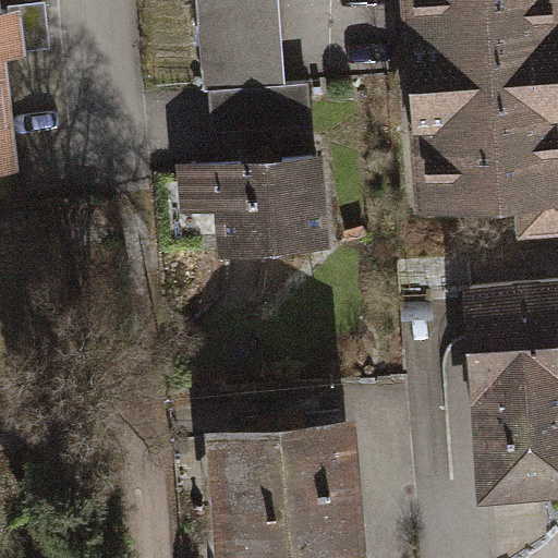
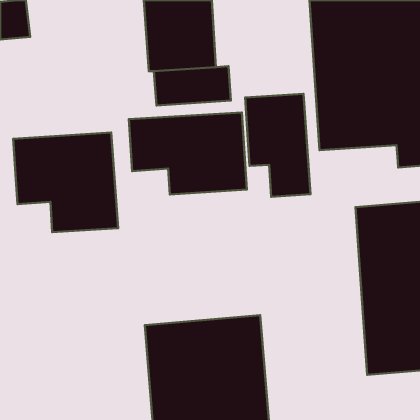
building: none -> [245,94,311,197]
building: none -> [13,133,118,232]

